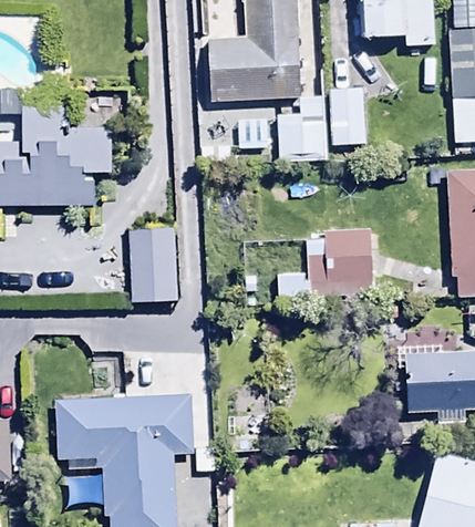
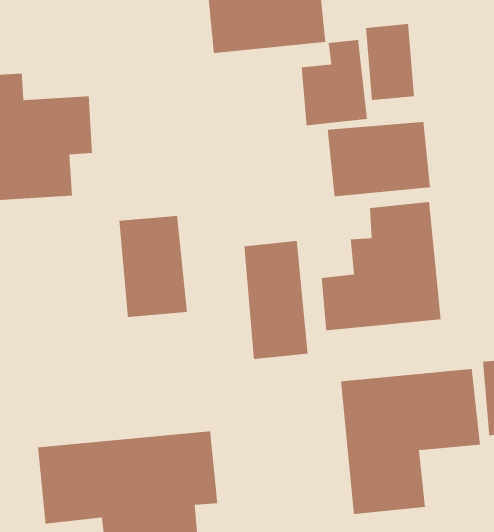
building: none -> [327,121,431,197]
building: none -> [243,240,309,360]
building: none -> [340,368,481,515]

